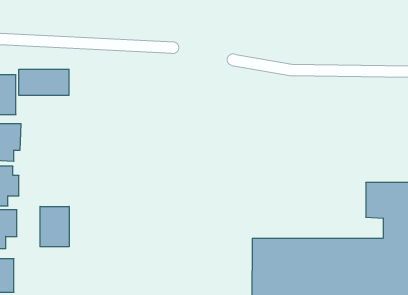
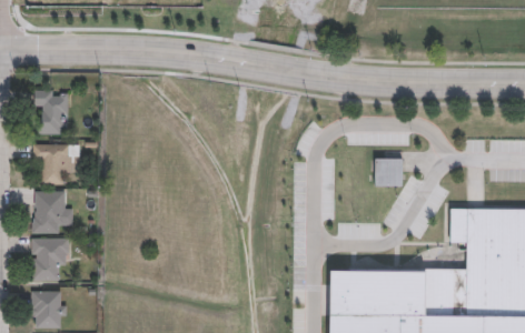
building: [19,69,69,95] -> none
building: none -> [374,160,402,188]
building: [40,206,69,247] -> none

